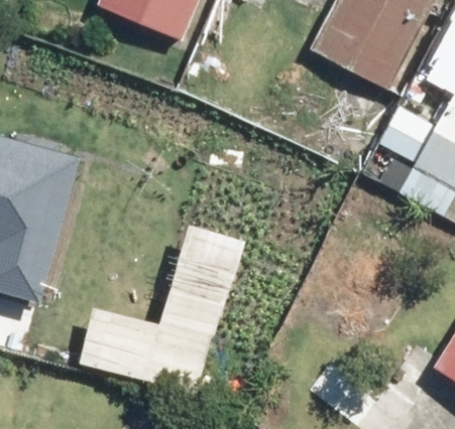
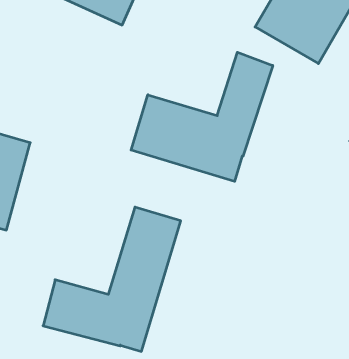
building: none -> [131,52,273,181]

